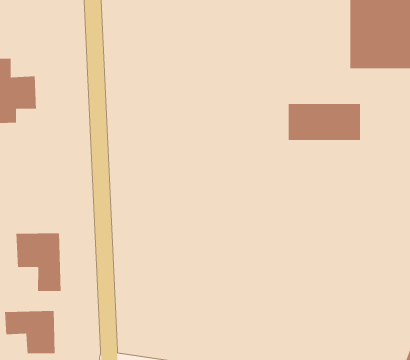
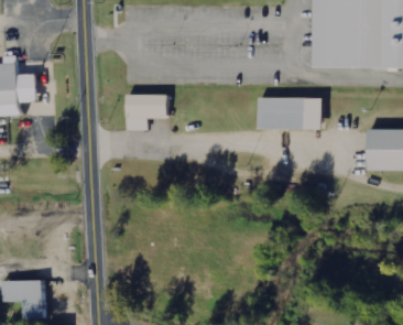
building: none -> [133,93,175,129]
building: [16,232,61,292] -> none

